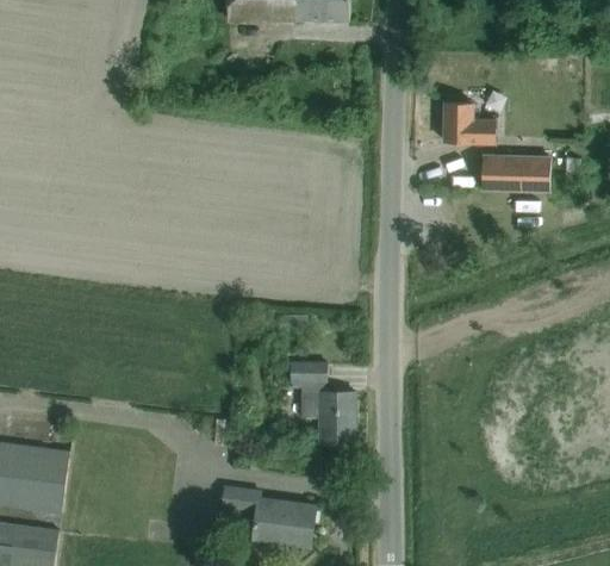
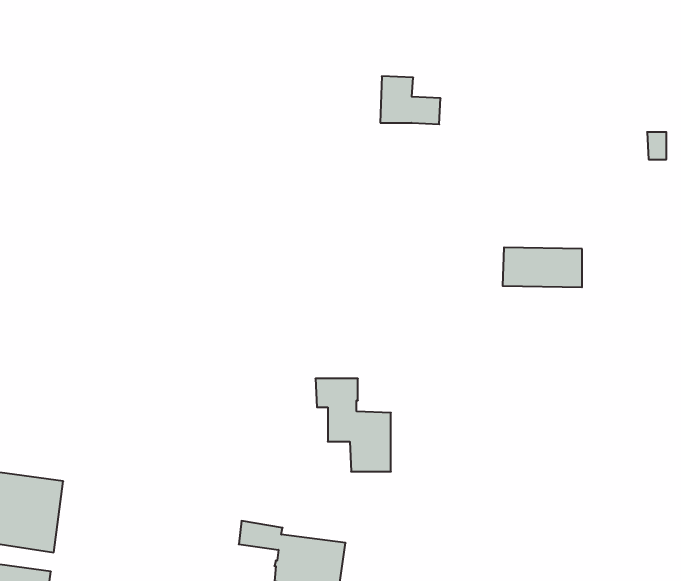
building: [443,101,496,143] -> [380,76,441,124]
building: [480,156,549,191] -> [503,247,582,287]

